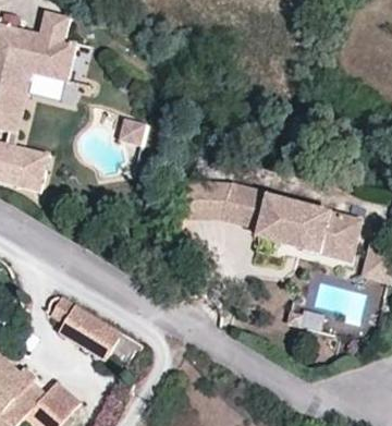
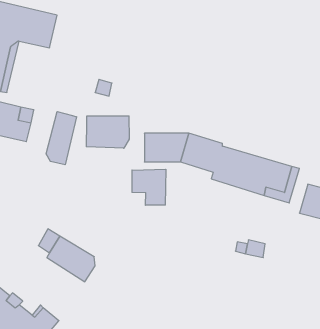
building: none -> [46,112,77,165]
building: none -> [86,116,129,148]
building: none -> [132,169,166,205]

